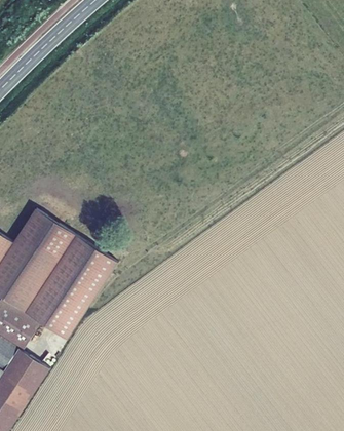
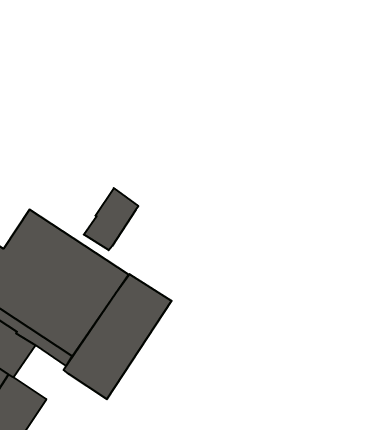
building: none -> [84,188,138,250]
building: none -> [64,274,172,399]

